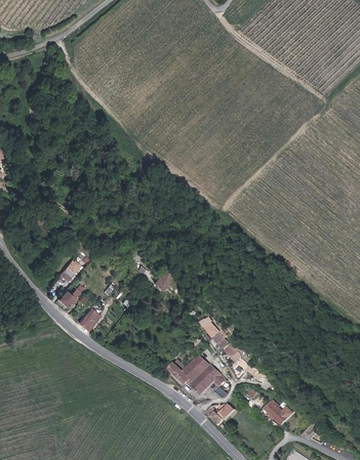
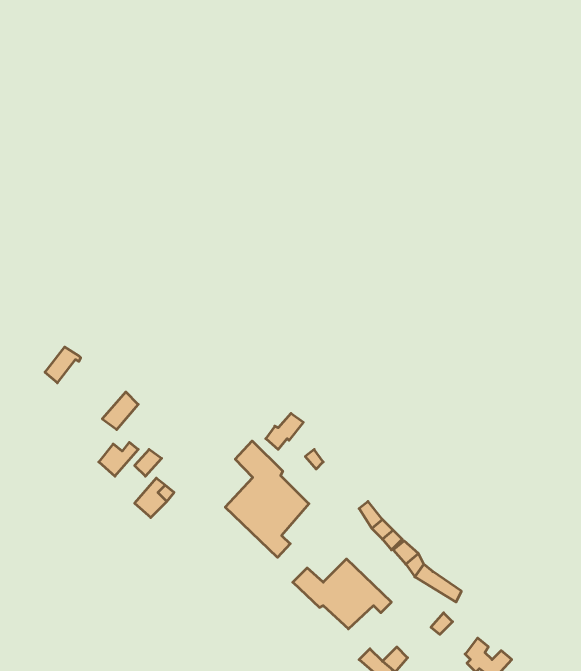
building: none -> [225,441,309,557]

